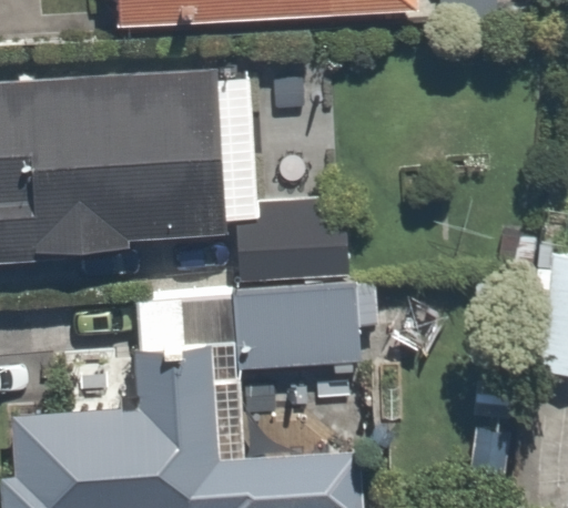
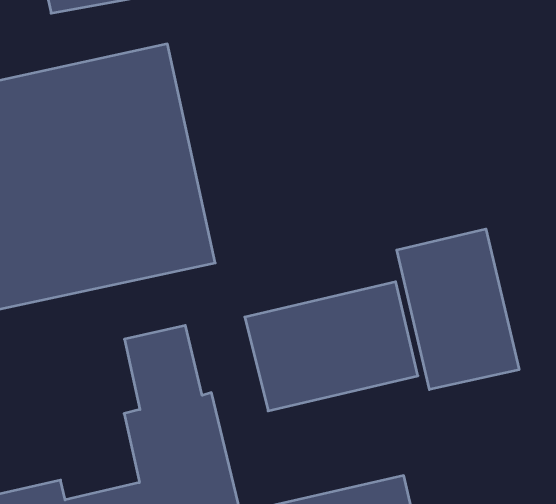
building: [235,189,355,277] -> none
building: none -> [397,229,519,390]

